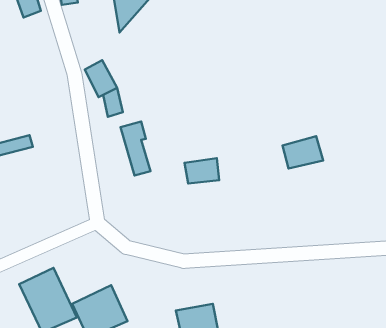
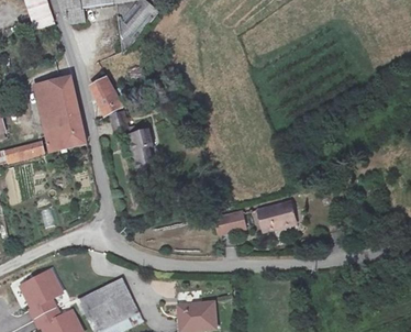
building: none -> [33,77,84,154]
building: [283,136,323,169] -> [255,202,293,233]
building: [185,158,219,184] -> [212,207,245,231]

